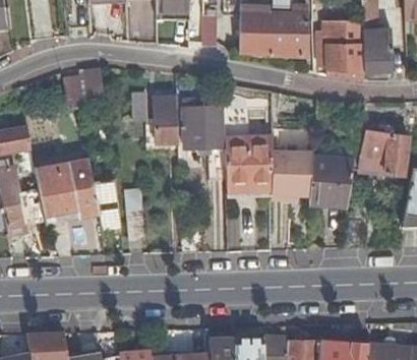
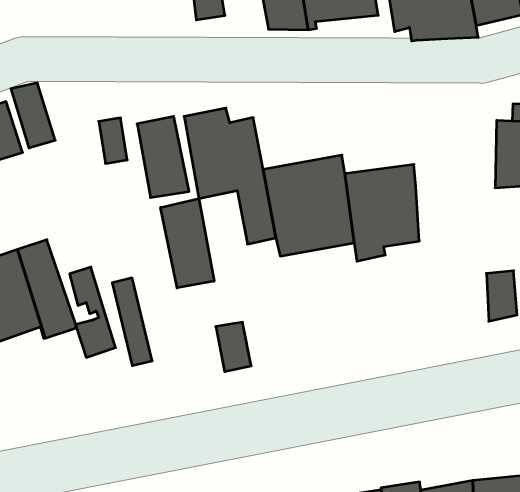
building: none -> [161,198,214,288]
building: [309,163,354,214] -> none

